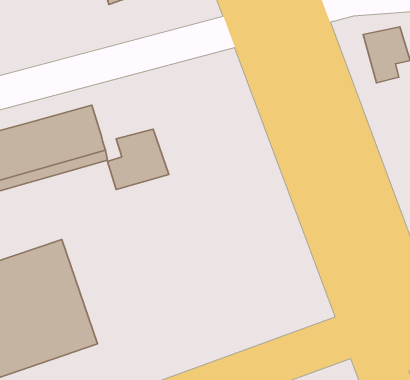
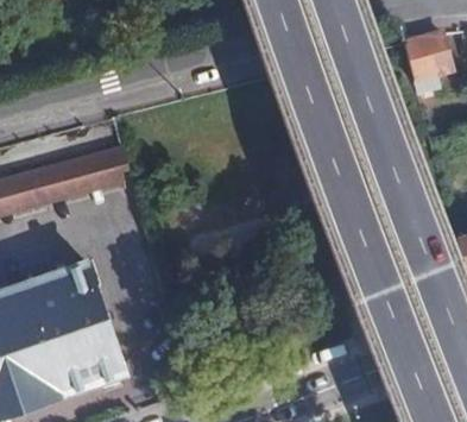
building: [107,129,169,189] -> none

